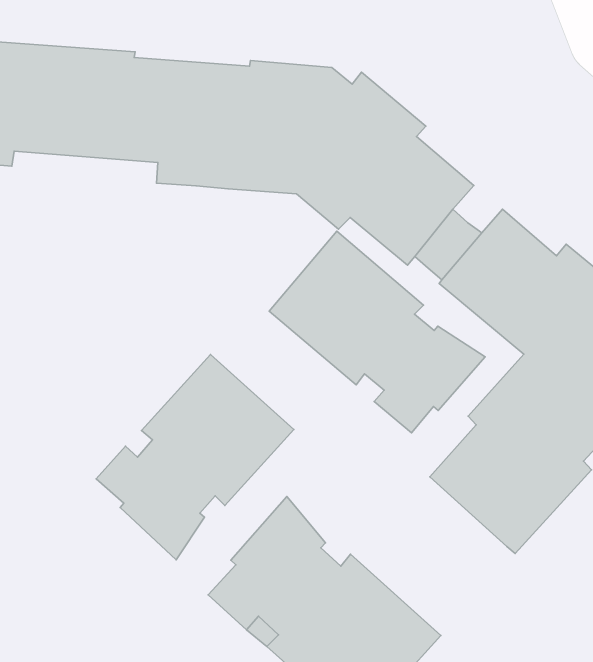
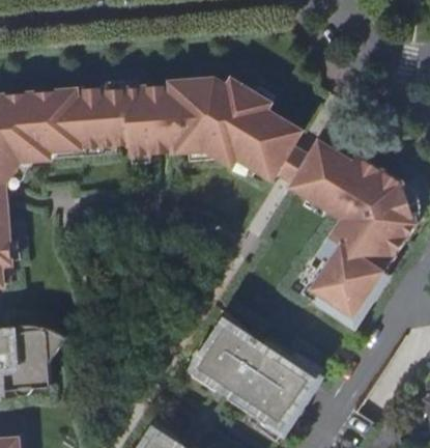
building: [269,231,485,433] -> none
building: [96,355,294,560] -> none

